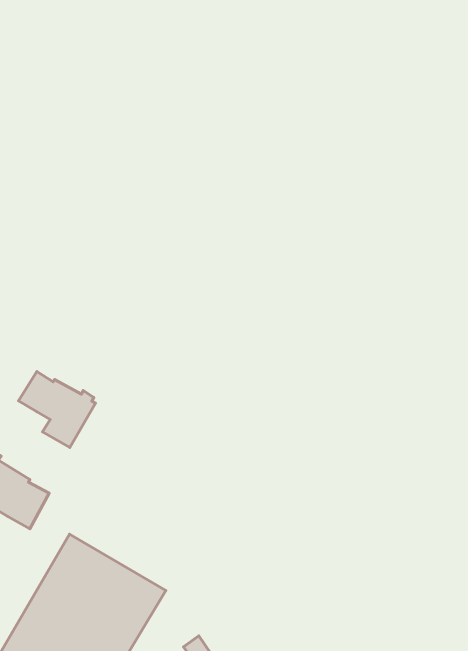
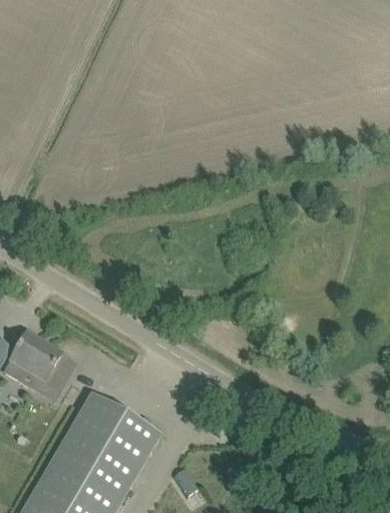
building: [19,371,96,448] -> none

